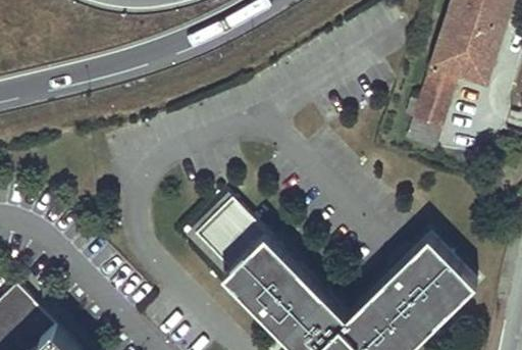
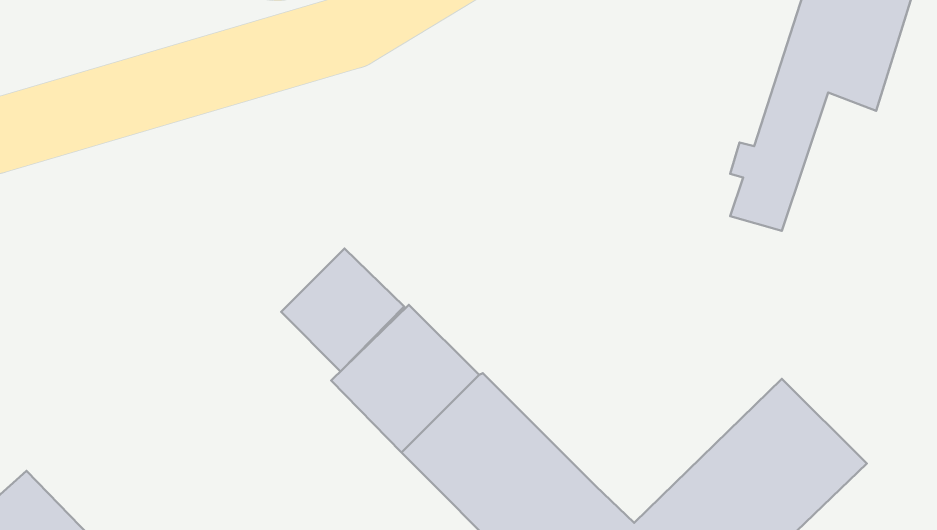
building: none -> [281,248,404,371]

